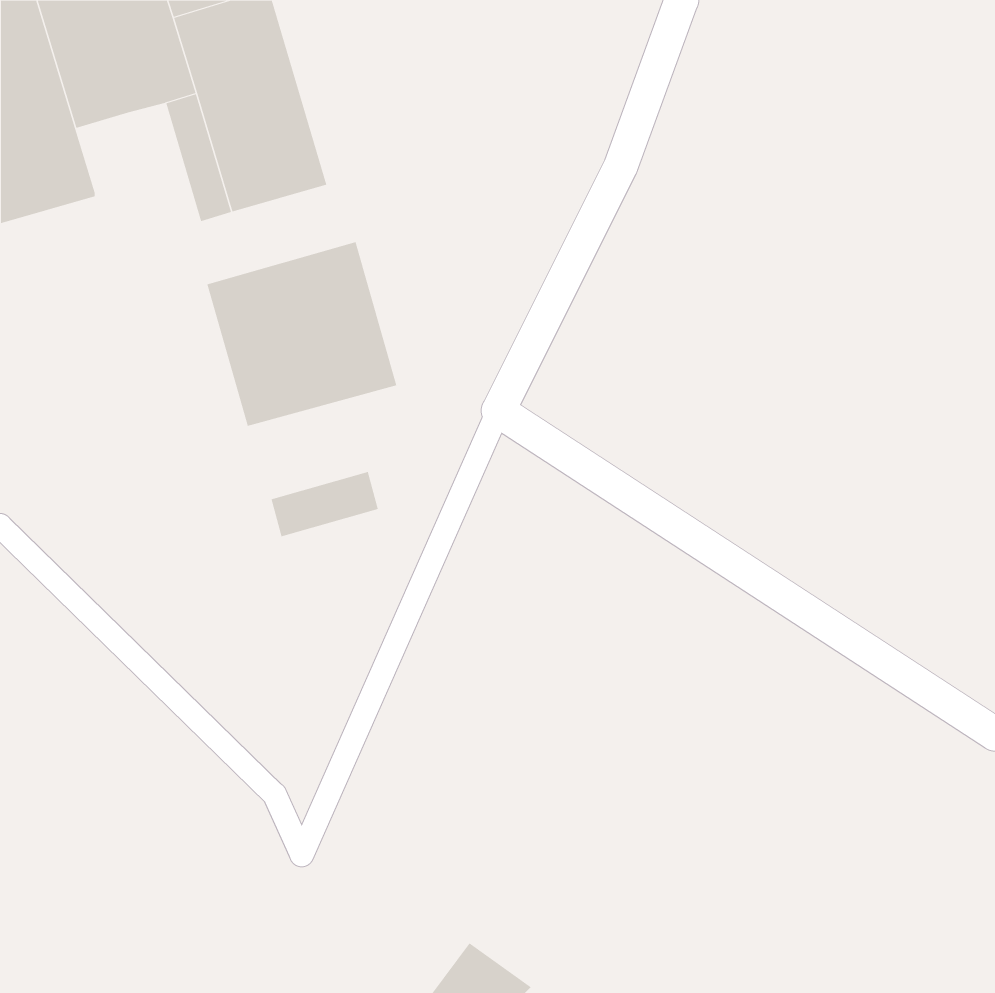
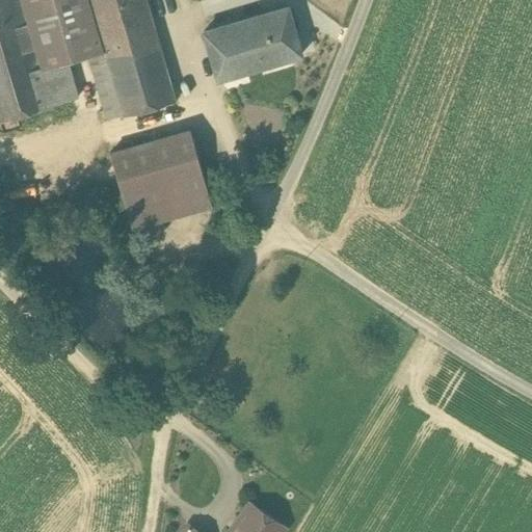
building: none -> [204,7,301,79]
building: none -> [41,61,78,104]
building: [271,471,379,537] -> none

